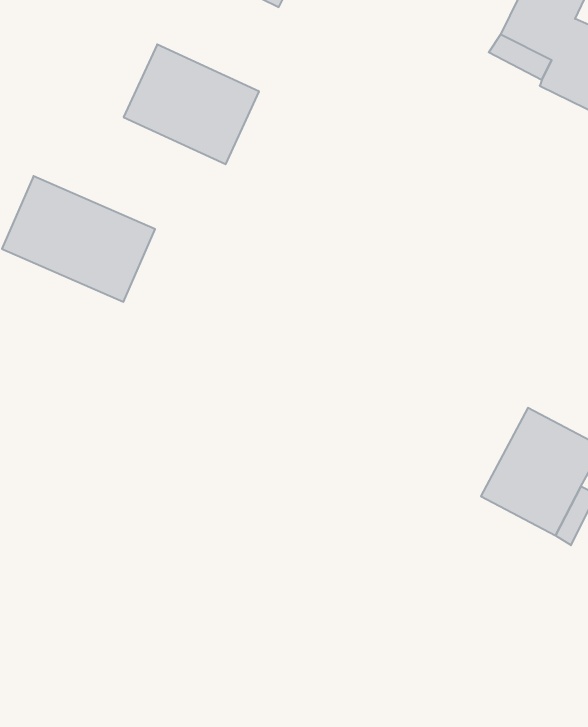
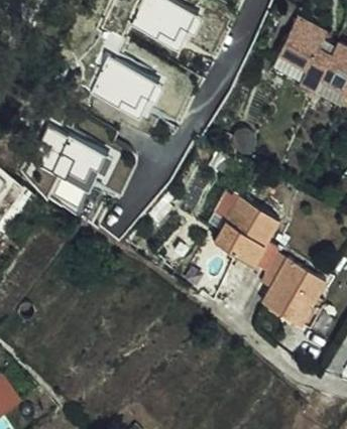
building: none -> [219,190,282,257]

